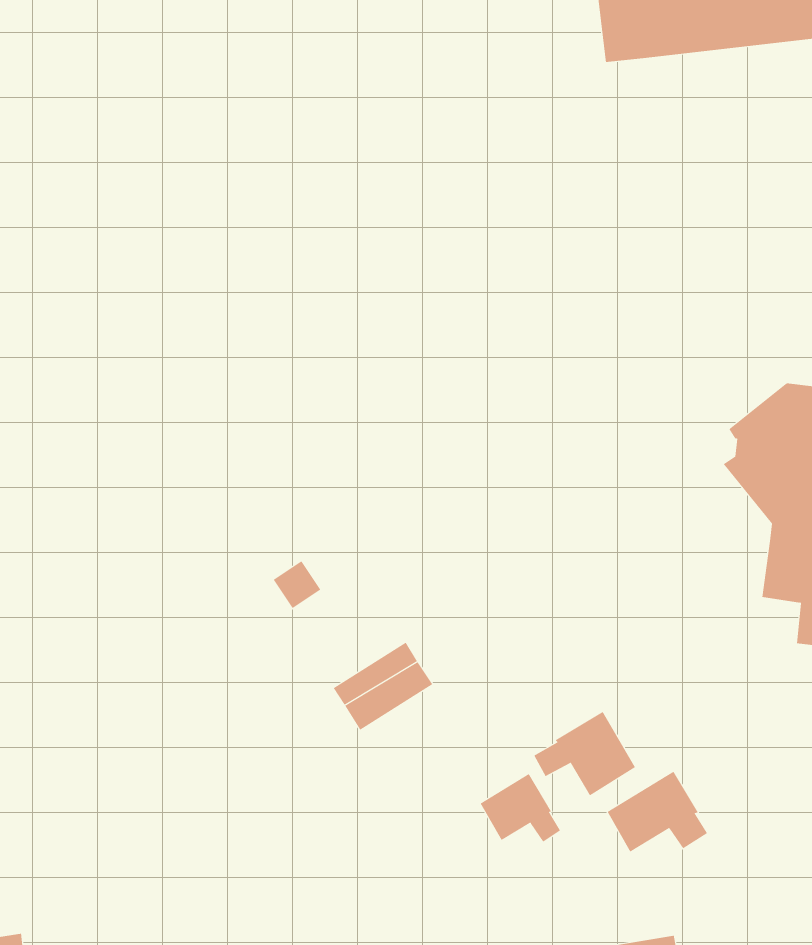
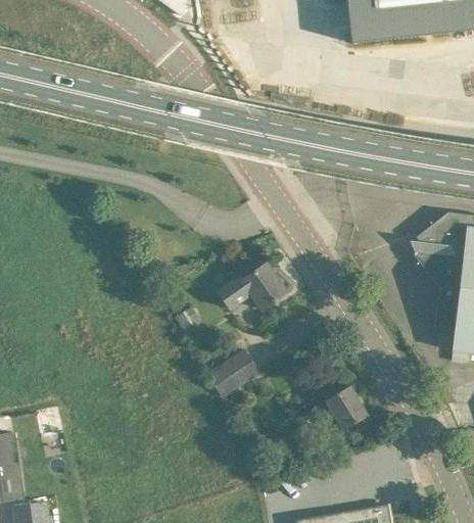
building: none -> [220,265,287,308]
building: [607,771,708,853] -> none
building: [480,773,561,842] -> none

